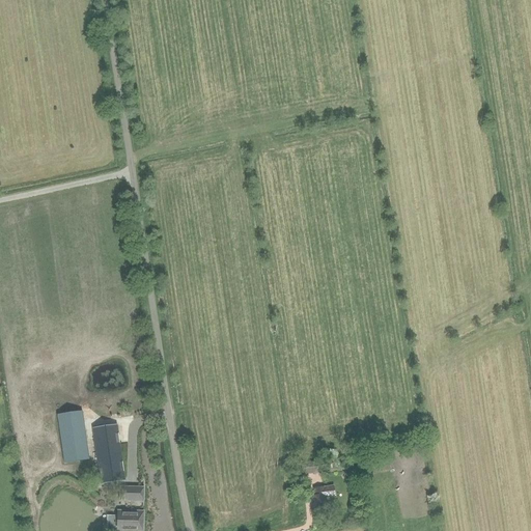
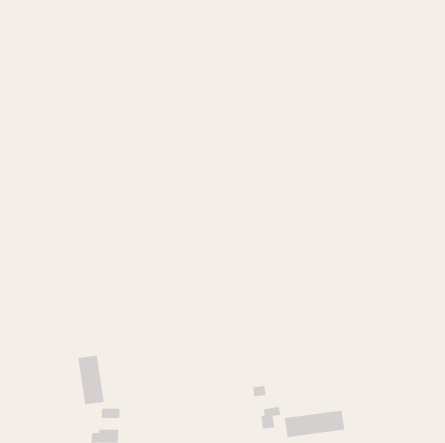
building: [57,410,88,462] -> none
building: none -> [284,410,345,438]

